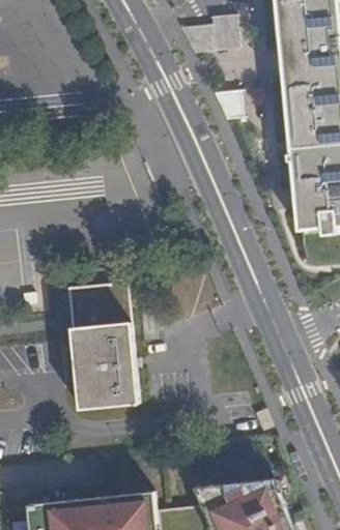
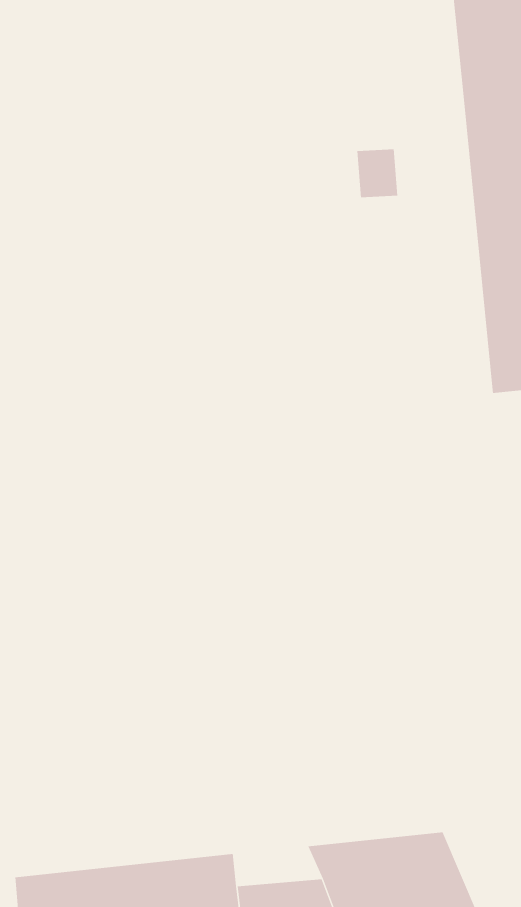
building: [181,17,238,55] -> none
building: [65,286,134,410] -> none

